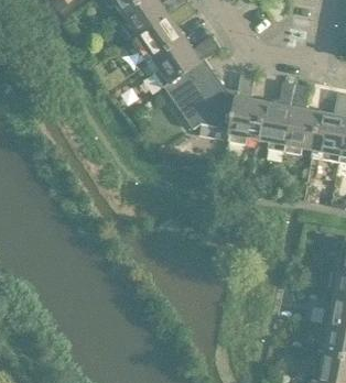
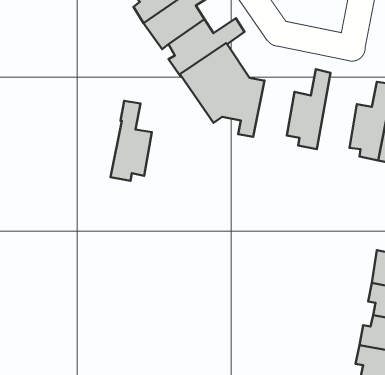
building: [228,73,264,143] -> [111,101,152,181]
building: [284,84,320,154] -> none

